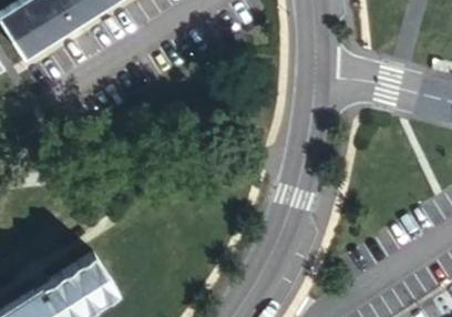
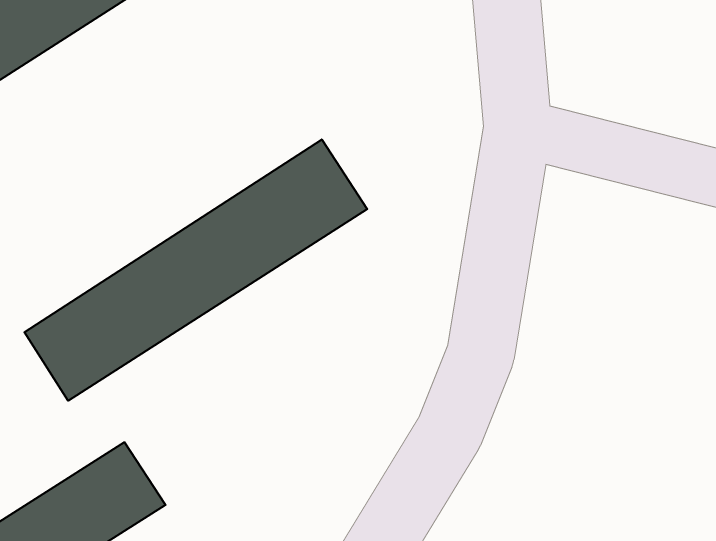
building: none -> [24,139,367,401]

